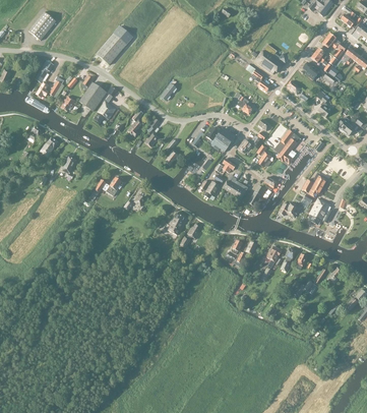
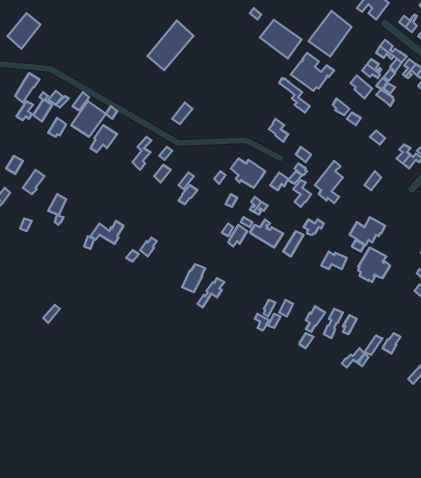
building: none -> [309,11,351,57]
building: none -> [260,20,302,58]
building: [97,24,133,64] -> [148,21,193,70]

